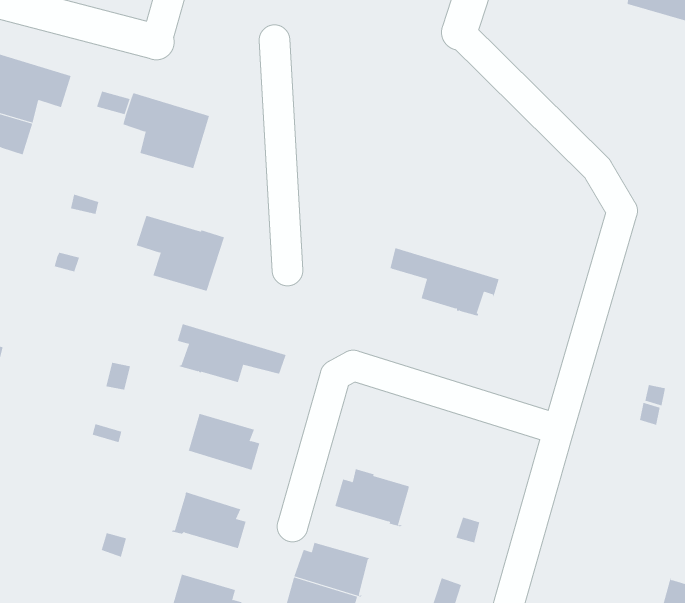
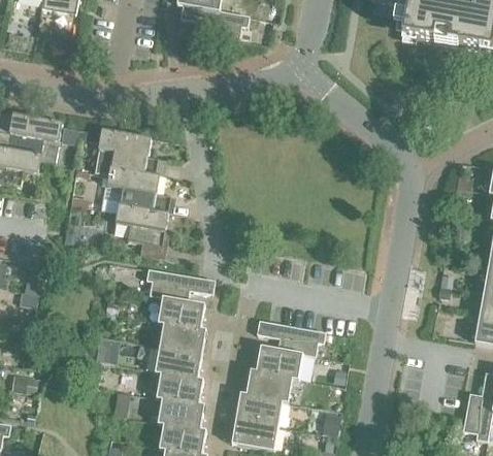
building: none -> [105,165,160,209]
building: [389,248,499,317] -> [256,320,325,357]
building: none -> [157,297,203,329]
building: none -> [154,347,201,380]
building: none -> [244,371,290,403]
building: none -> [156,398,202,430]

